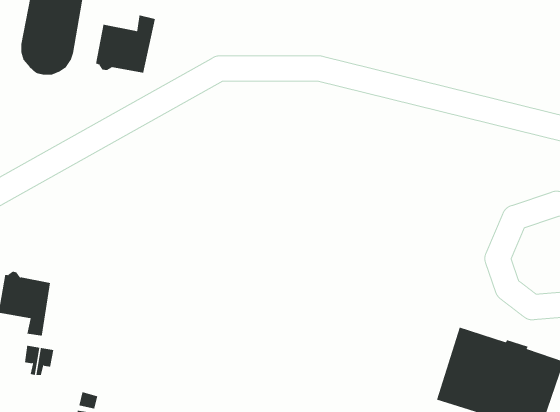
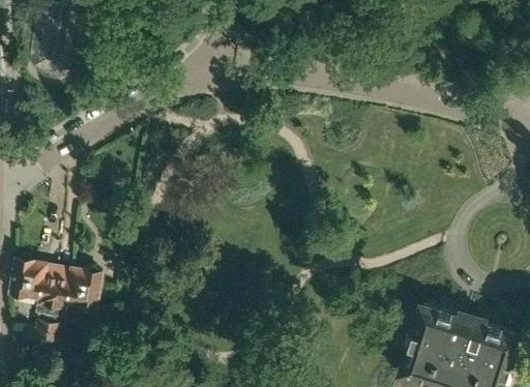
building: [95,15,156,73] -> none
building: none -> [51,265,102,315]

